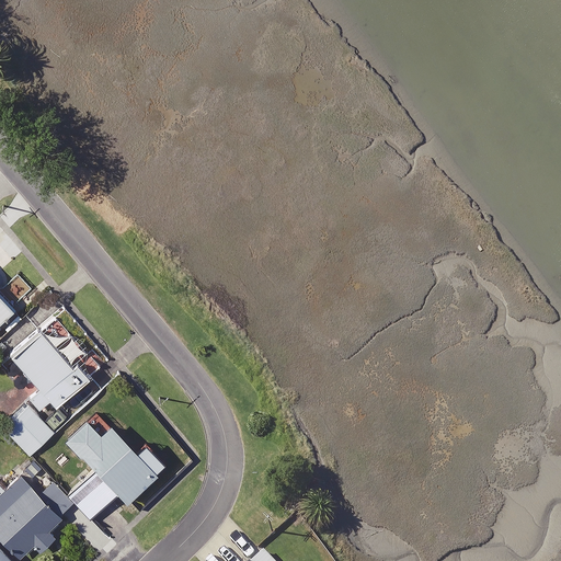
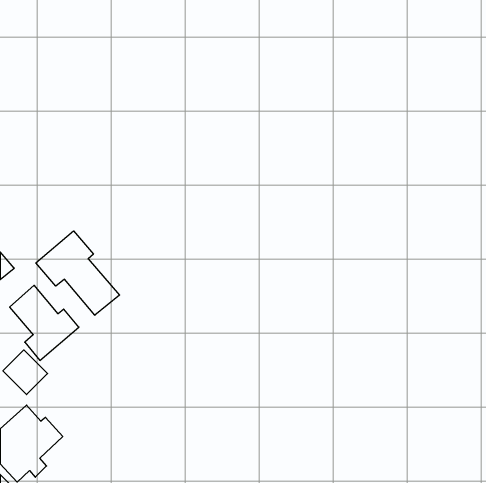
building: none -> [36,231,120,315]
building: [62,420,157,518] -> none

